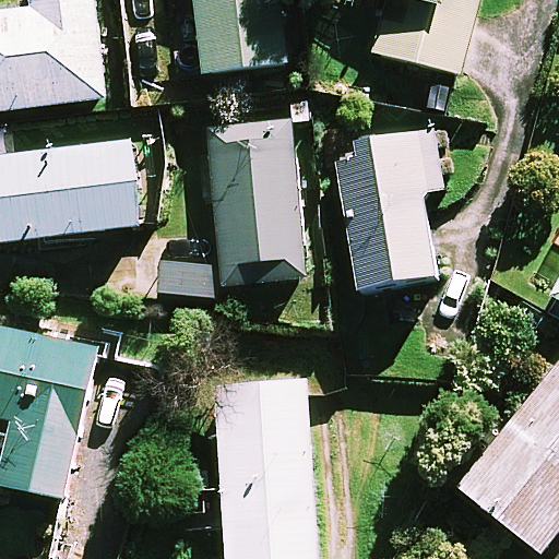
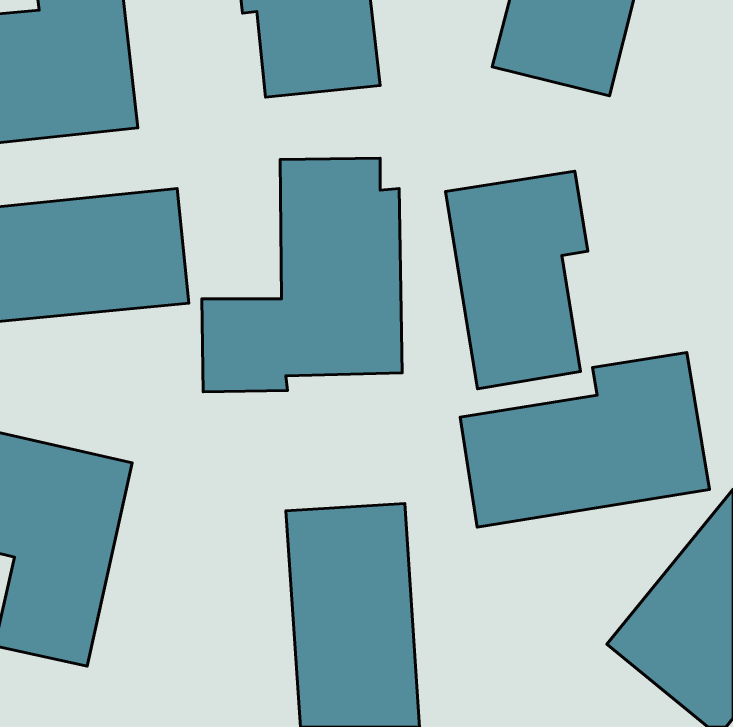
building: none -> [460,352,710,527]

